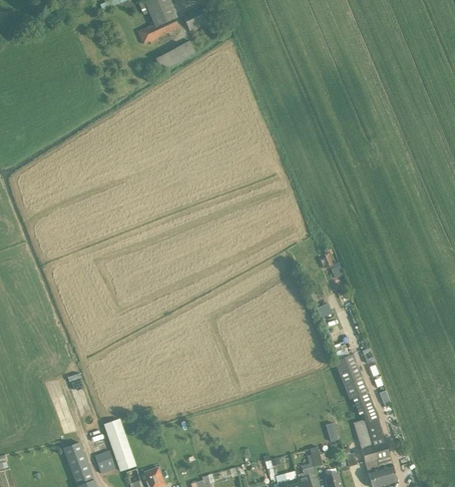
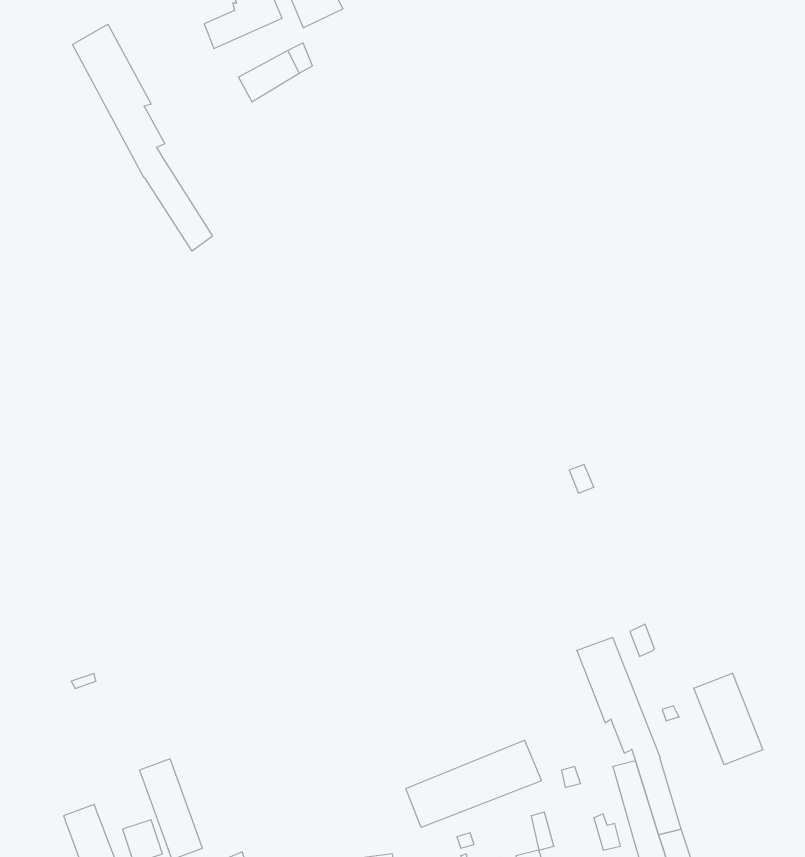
building: none -> [72,24,212,251]
building: none -> [694,673,763,765]
building: none -> [406,740,541,827]

